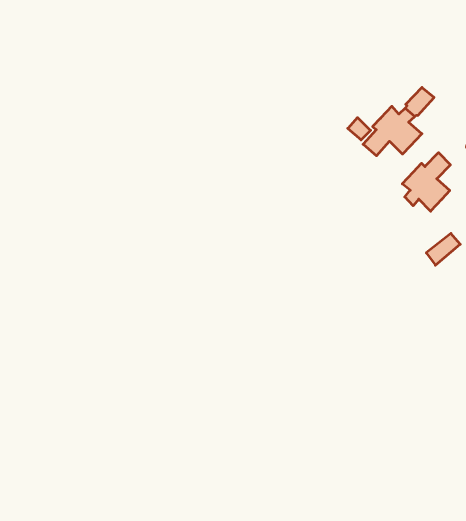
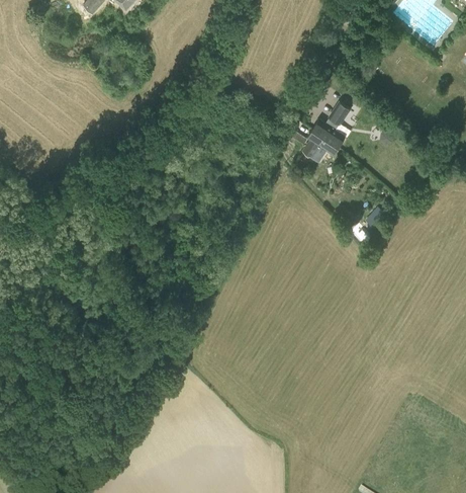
building: [402,153,450,211] -> none

